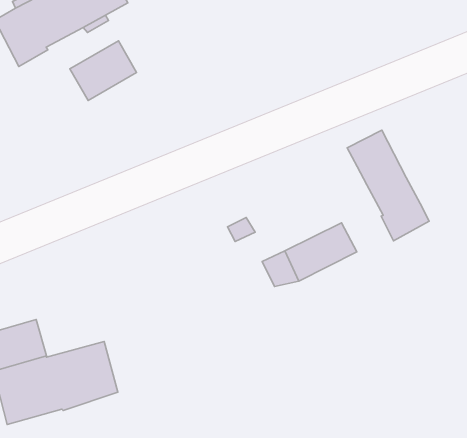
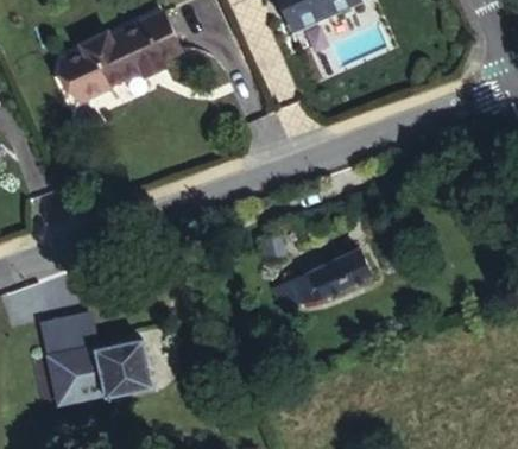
building: [70,41,137,101] -> none
building: [347,130,429,241] -> none

